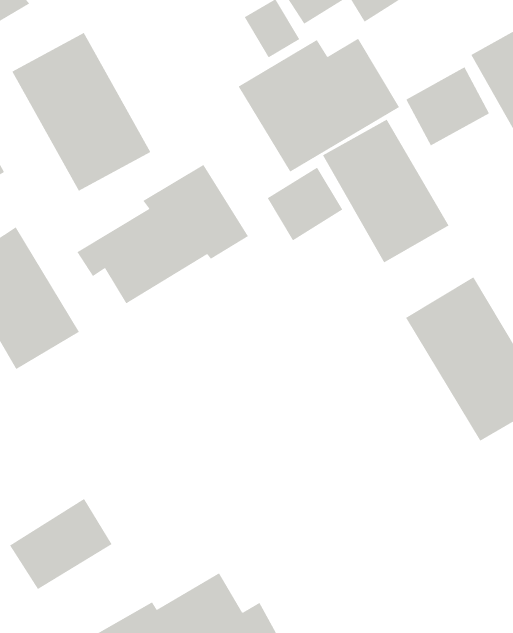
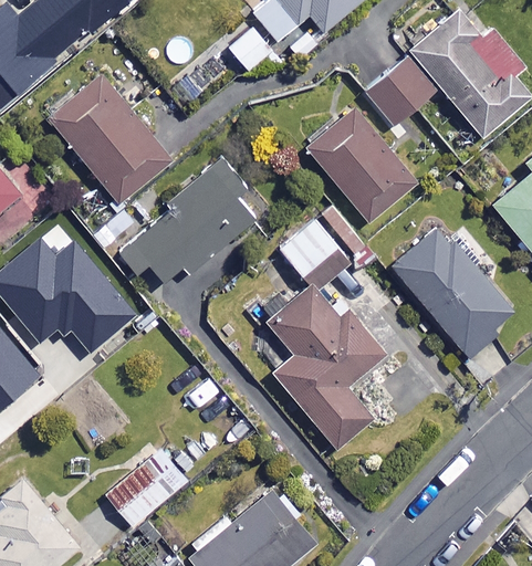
building: [238,38,400,173] -> none
building: [267,167,343,241] -> [277,214,338,276]
building: none -> [267,287,384,450]

